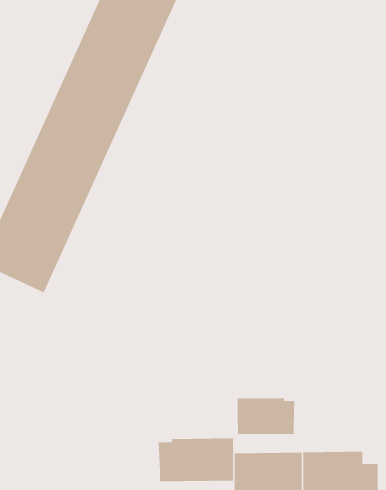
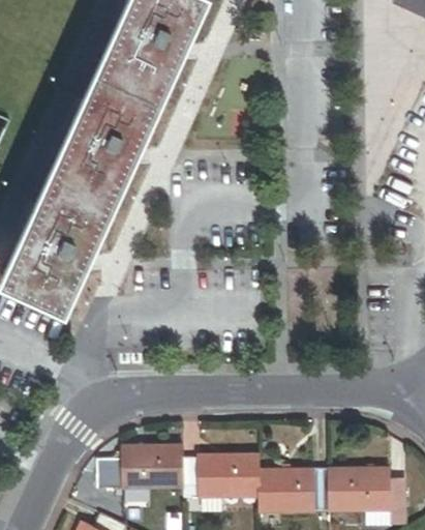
building: [237,397,295,435] -> none
building: none -> [97,444,186,489]

